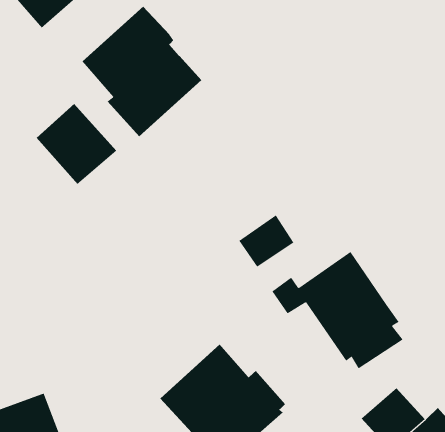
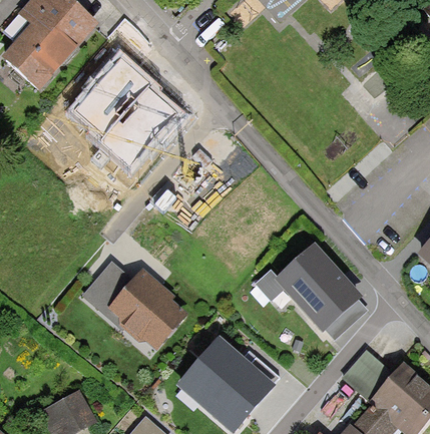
building: [36,103,117,185] -> none
building: [239,215,294,268] -> none
building: none -> [82,260,188,348]

